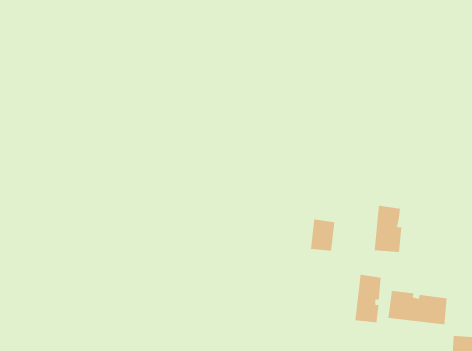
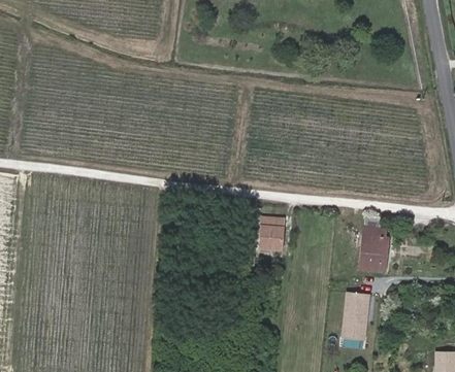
building: [310,219,335,251] -> [260,216,284,247]
building: [388,290,447,325] -> none

